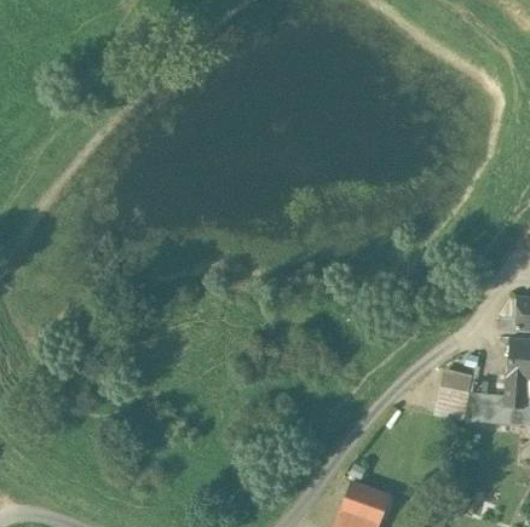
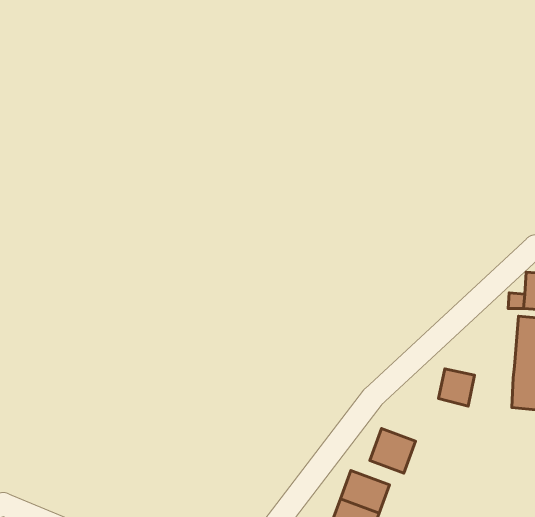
building: [467,391,505,422] -> none
building: none -> [370,429,416,473]

